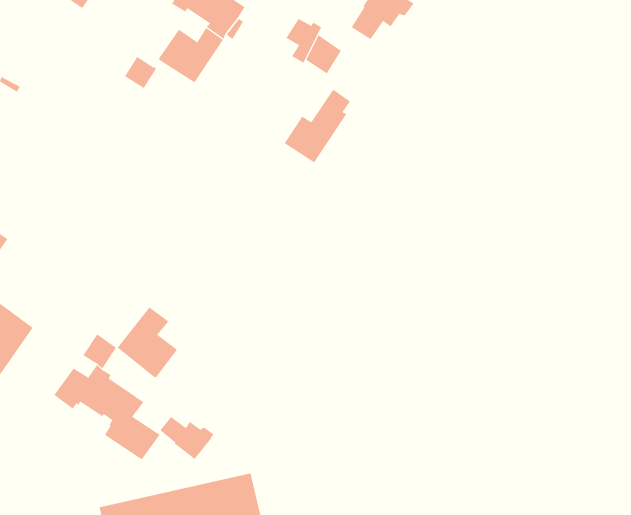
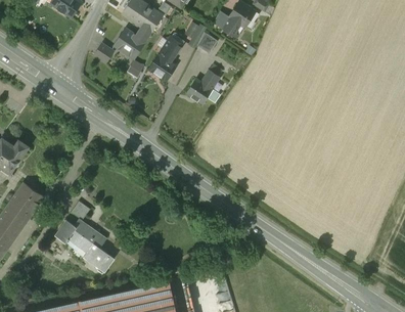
building: none -> [148,34,184,81]
building: [117,306,178,378] -> none
building: [159,416,214,460] -> none

